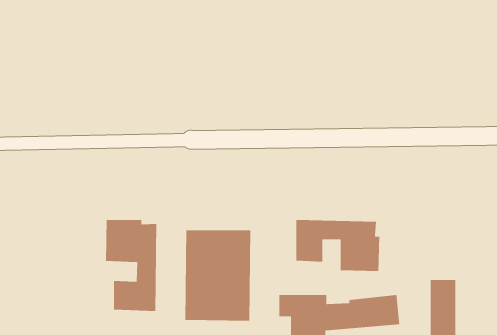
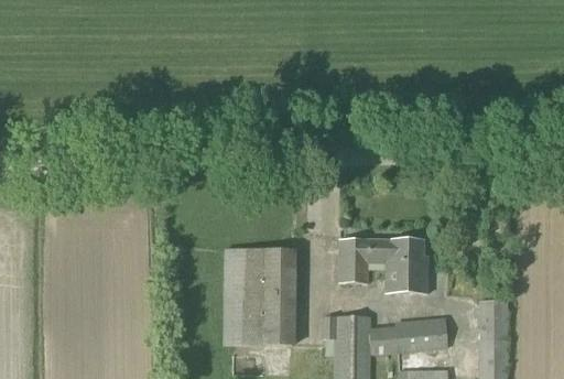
building: [105,219,157,312] -> none

